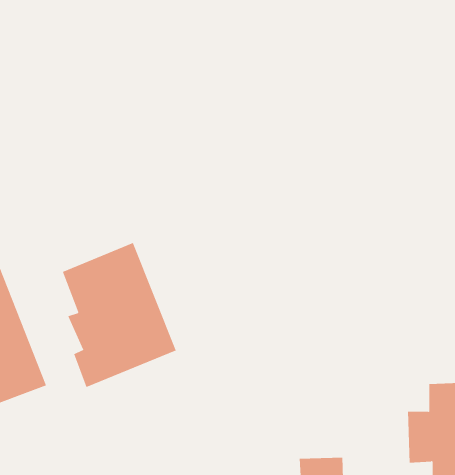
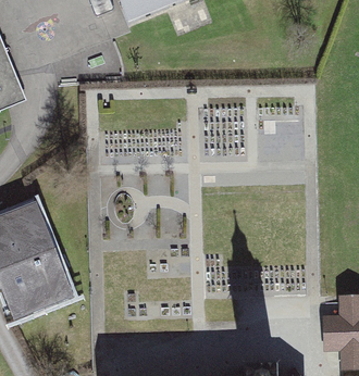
building: [62,242,176,388] -> none

